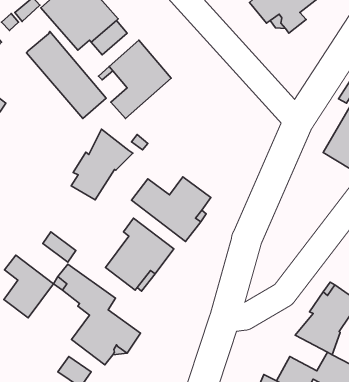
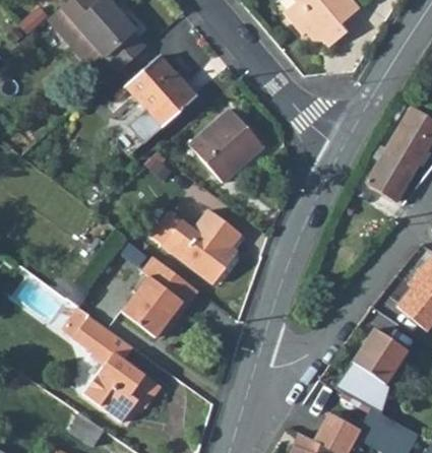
building: [27,32,106,119] -> none
building: none -> [189,108,264,182]
building: [71,129,133,200] -> none
building: [4,255,53,318] -> none

